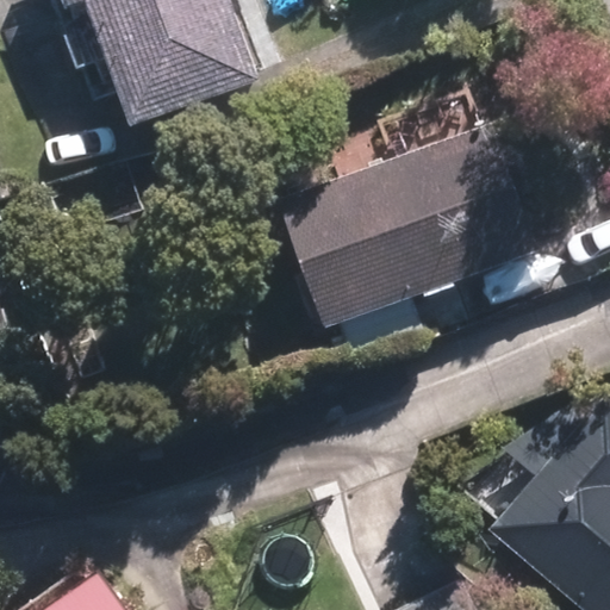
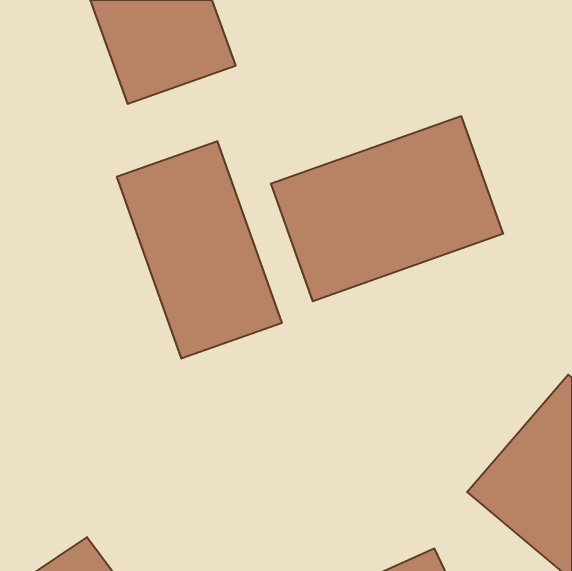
building: none -> [117,141,282,359]

